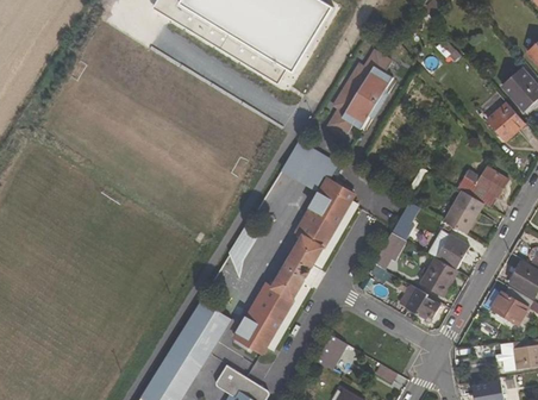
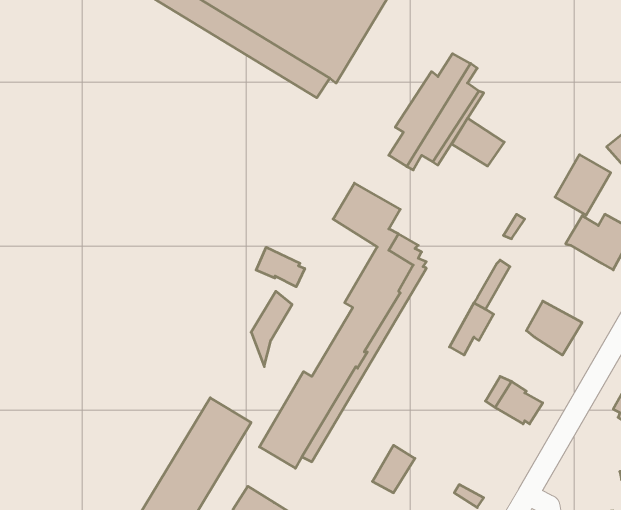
building: none -> [452,118,504,166]
building: [443,189,483,233] -> [555,155,611,215]
building: none -> [256,247,305,287]
building: [419,256,455,294] -> none

